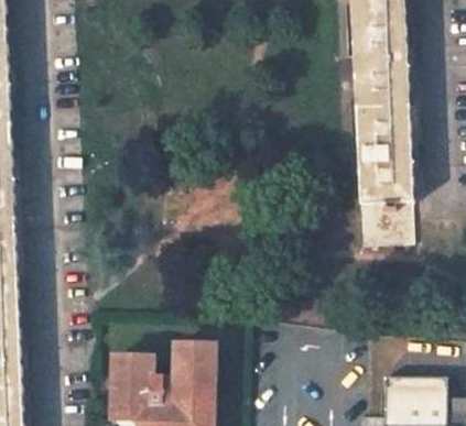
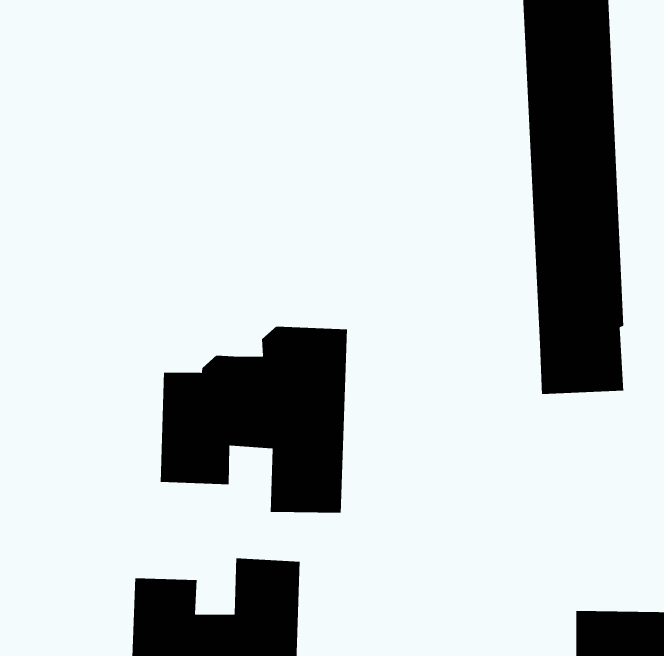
building: none -> [160,326,348,513]

